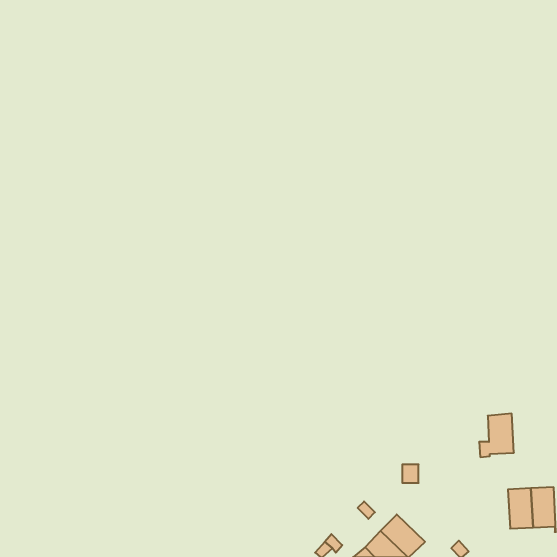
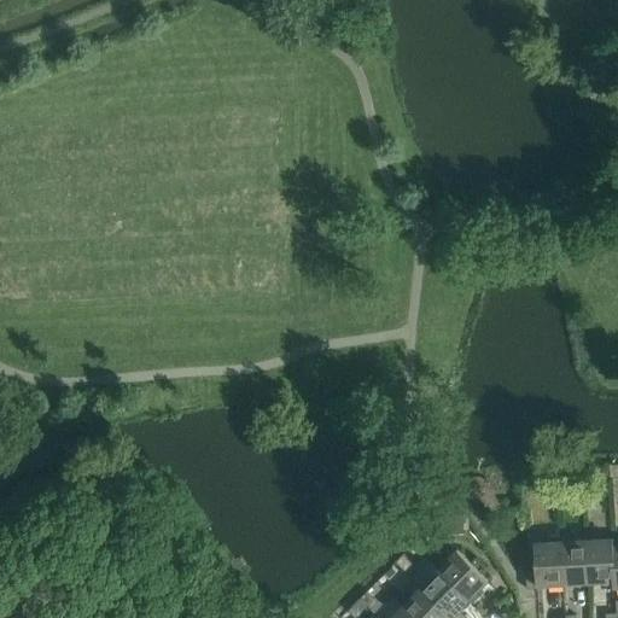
building: [479,414,514,457] -> [526,542,565,590]
building: none -> [439,550,489,600]

